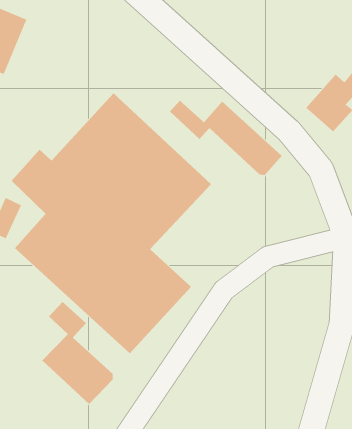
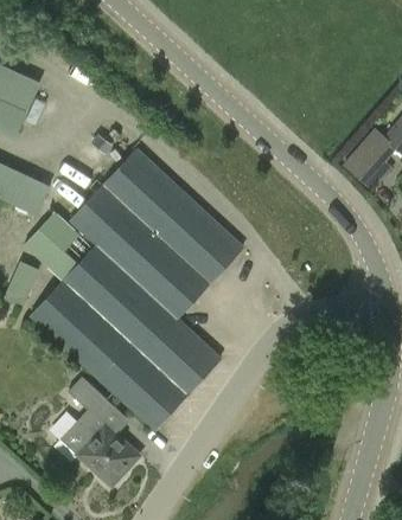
building: [169,100,282,176] -> none

